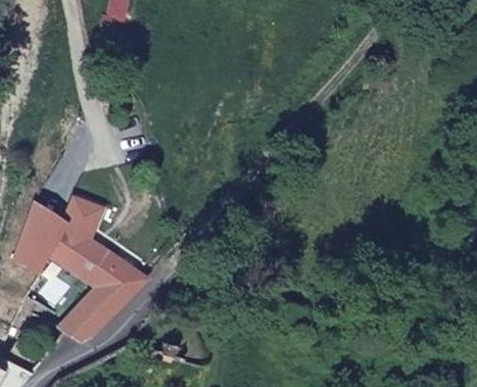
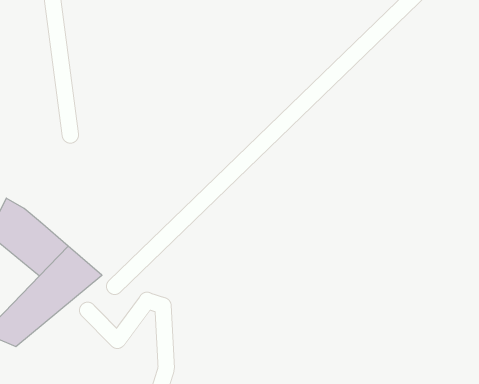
building: [58,190,103,239] -> none

